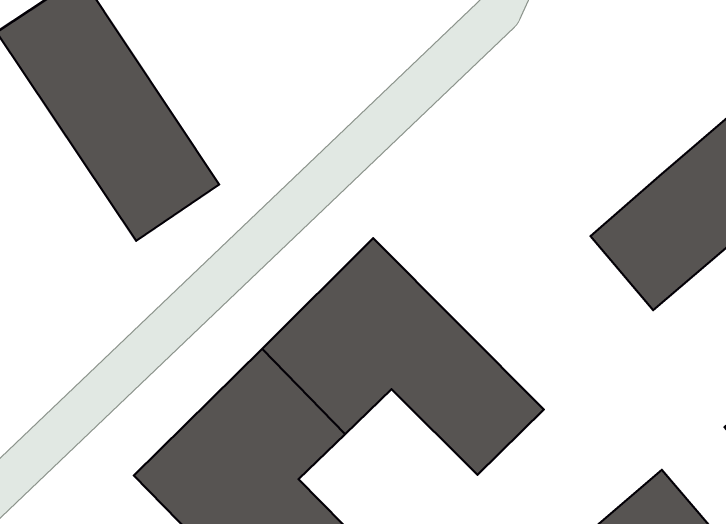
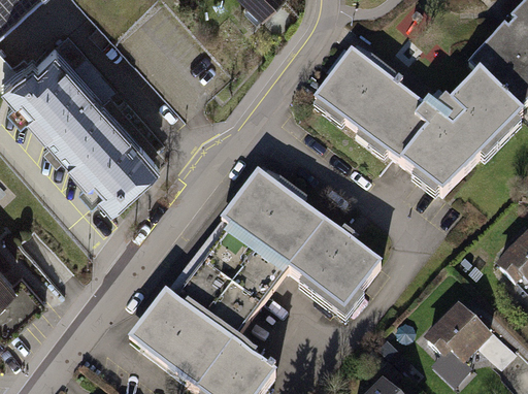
building: none -> [317,47,432,159]

